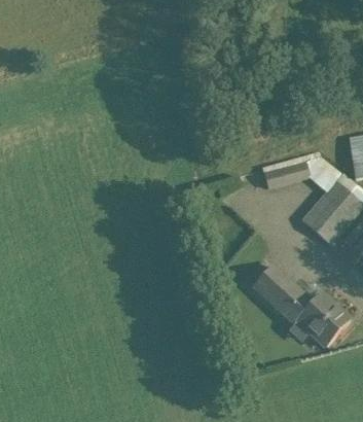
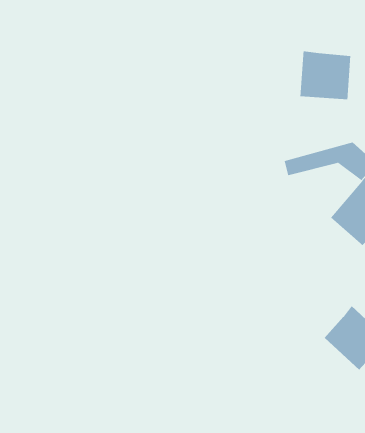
building: none -> [300,50,351,100]
building: [252,265,312,322] -> none

